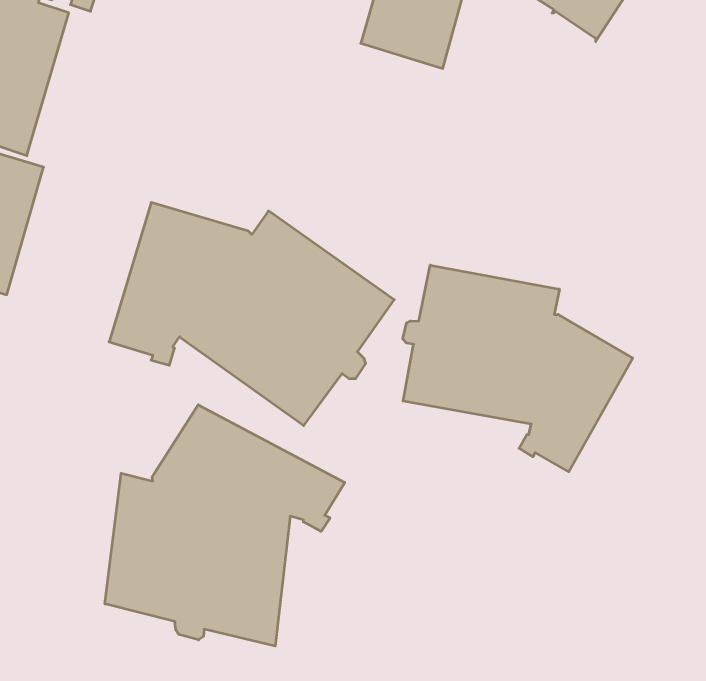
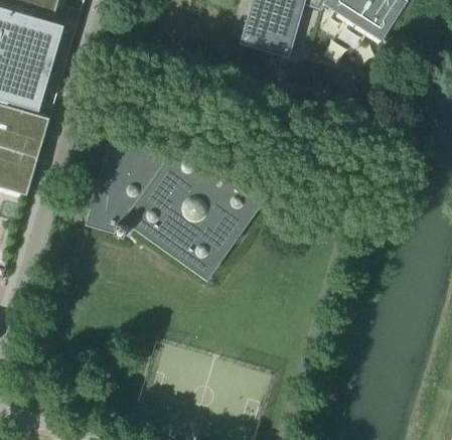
building: [403,265,633,472] -> none
building: [105,405,345,646] -> none

